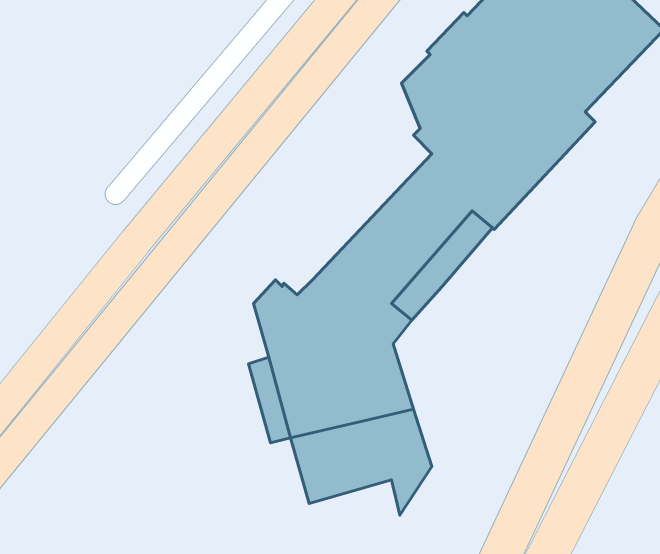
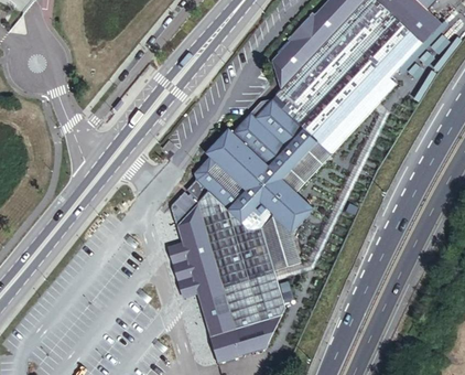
building: none -> [186,95,286,200]
building: none -> [261,194,311,275]
building: none -> [206,321,266,363]

